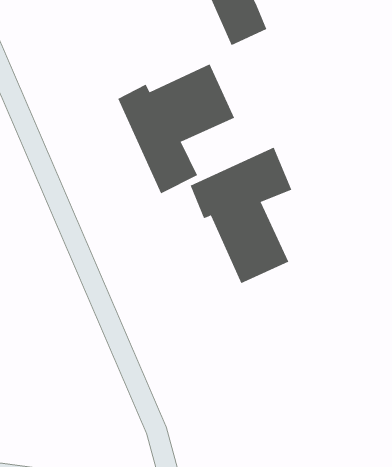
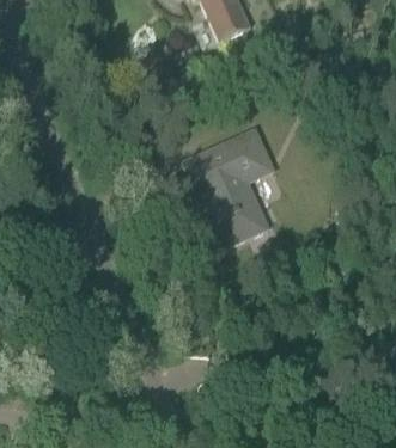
building: [117,63,235,194] -> none

